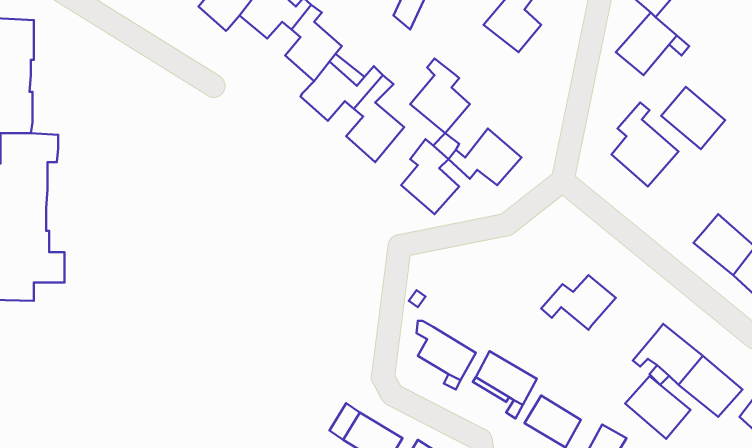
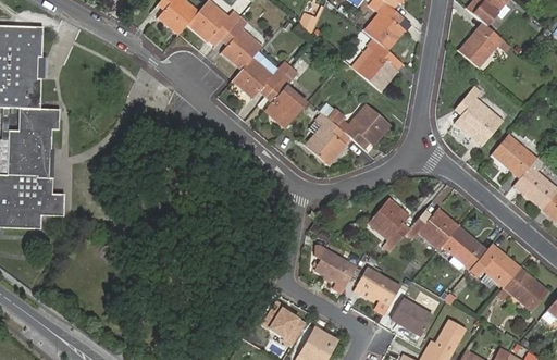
building: [410,58,470,133] -> [355,38,397,91]
building: [661,87,725,149] -> [491,134,536,178]
building: none -> [368,199,407,251]
building: [625,376,691,439] -> [440,225,486,270]

